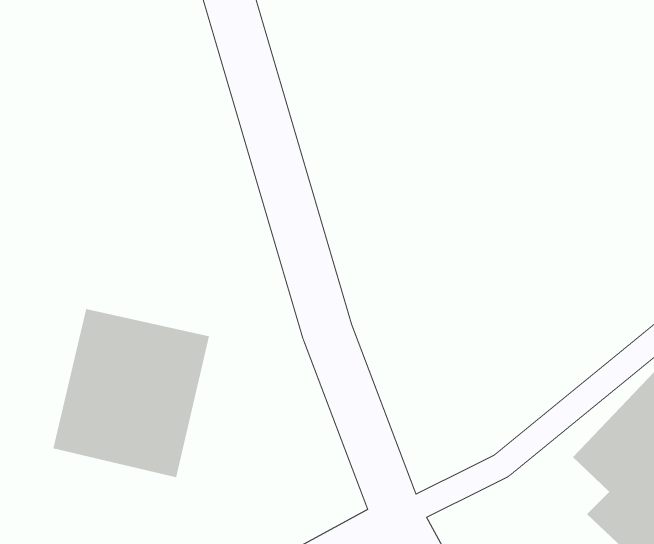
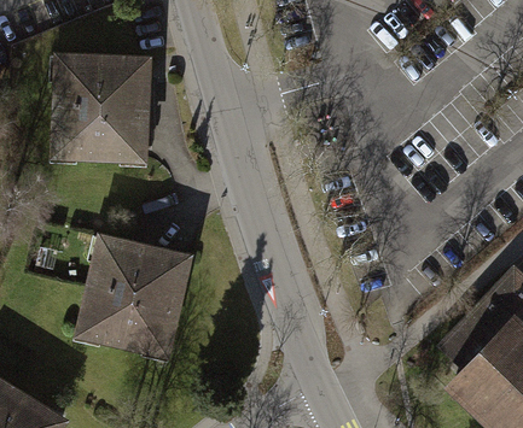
building: none -> [57,58,147,163]

